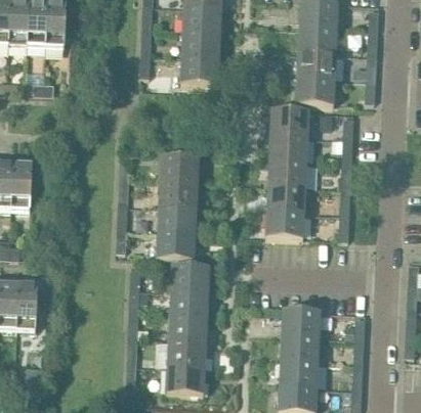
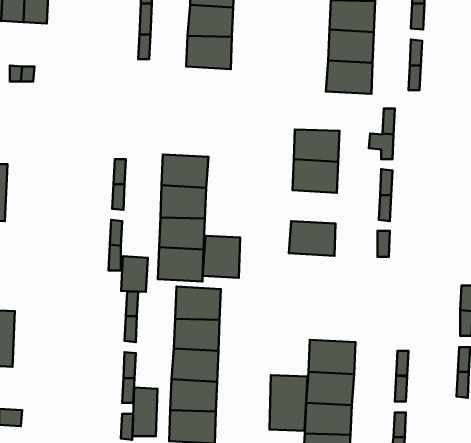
building: [270,105,308,133] -> none
building: [267,182,305,210] -> none
building: none -> [203,236,240,278]
building: none -> [121,256,148,292]
building: none -> [270,375,307,431]
building: none -> [132,388,158,436]

